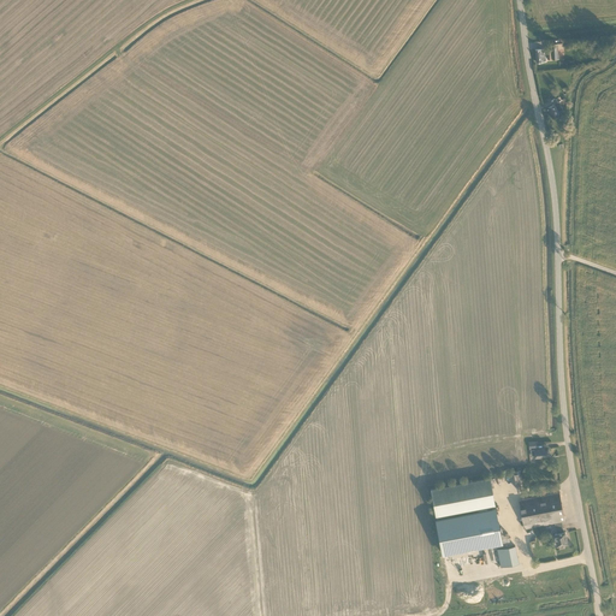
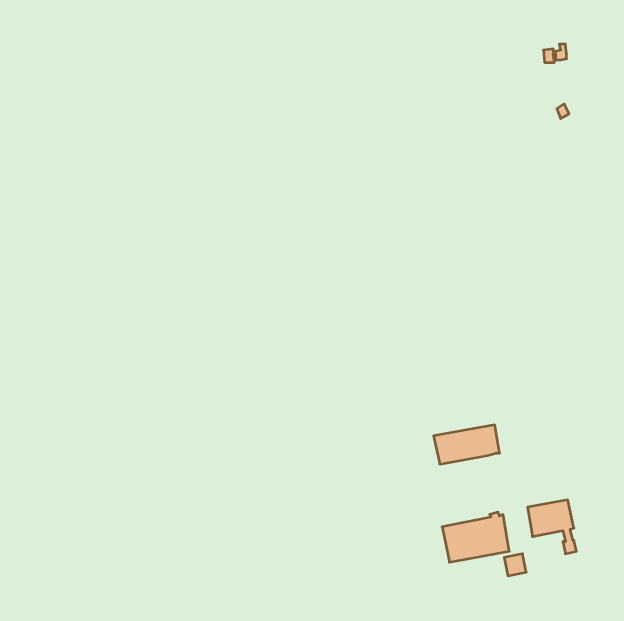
building: [430,480,494,519] -> [434,425,500,464]

